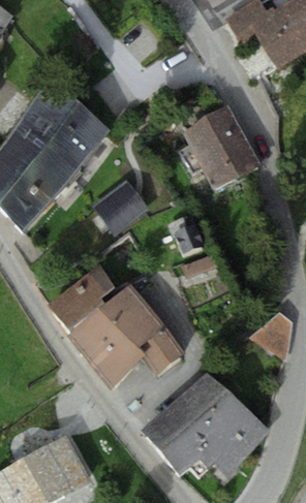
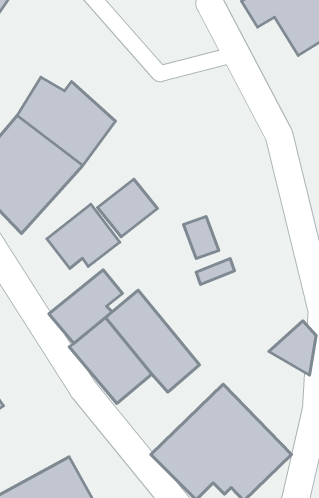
building: [182,105,261,188] -> none
building: none -> [47,204,120,269]

